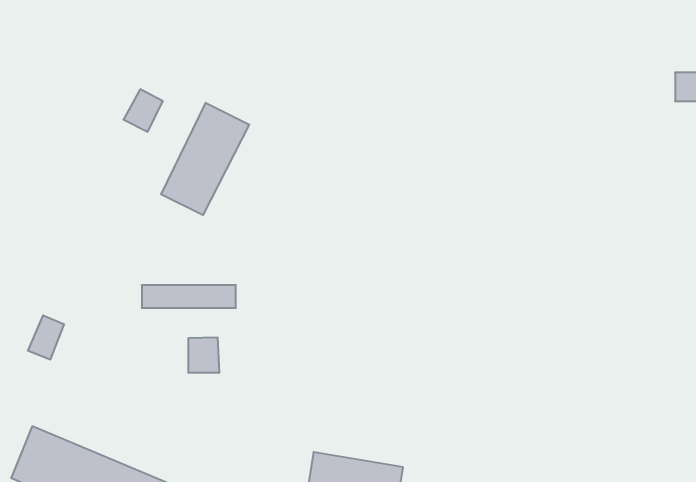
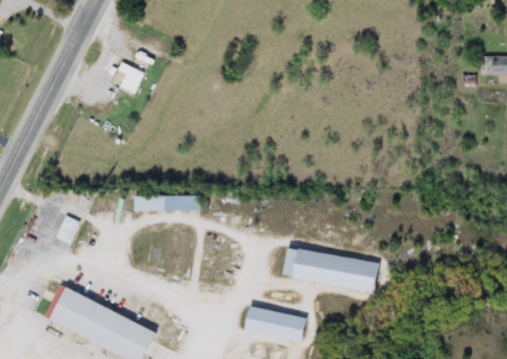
building: [161,103,249,215] -> none
building: [189,337,219,373] -> none
building: none -> [281,248,379,292]

